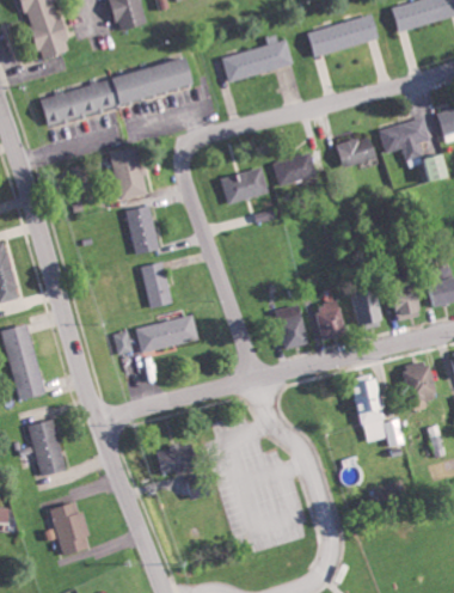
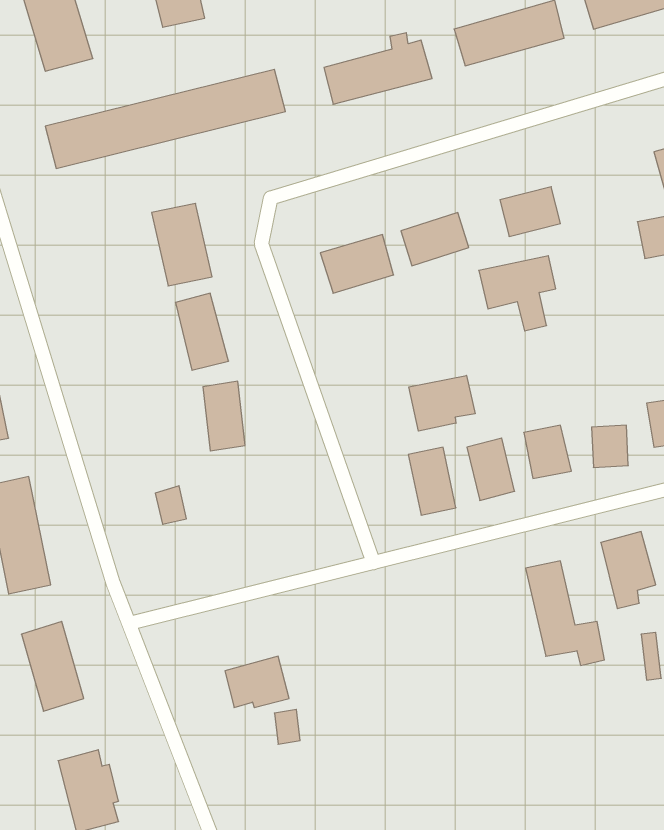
building: [378,118,428,167] -> [479,256,556,331]
building: none -> [409,375,475,431]
building: [134,314,198,353] -> none

